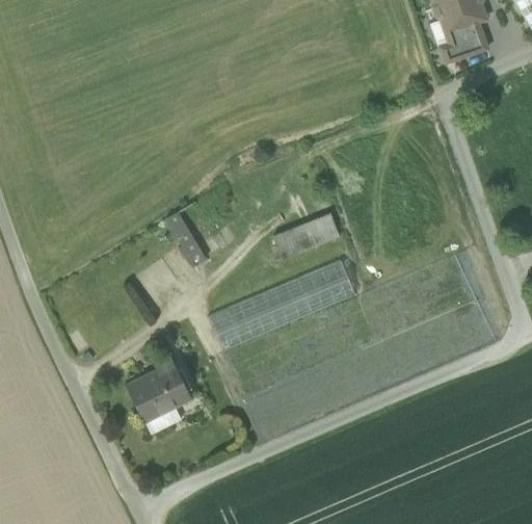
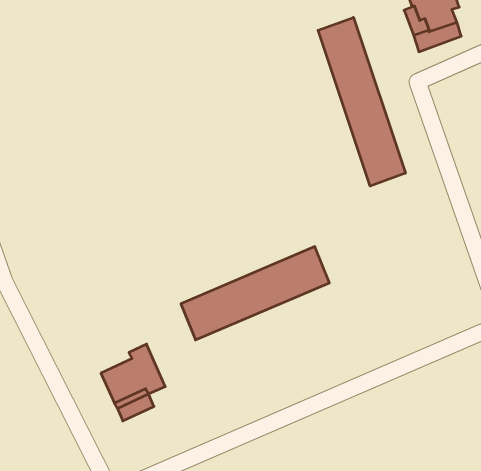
building: none -> [318,17,405,186]
building: [166,210,208,267] -> none
building: [274,212,341,257] -> none

